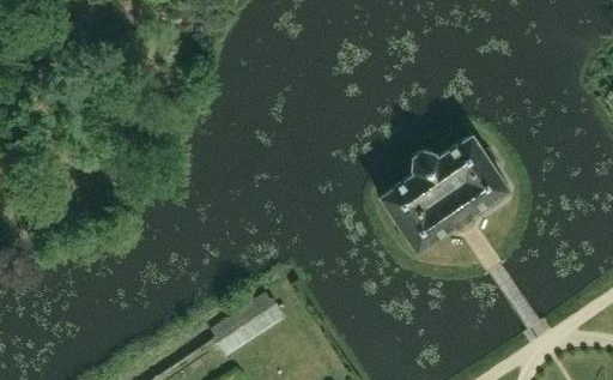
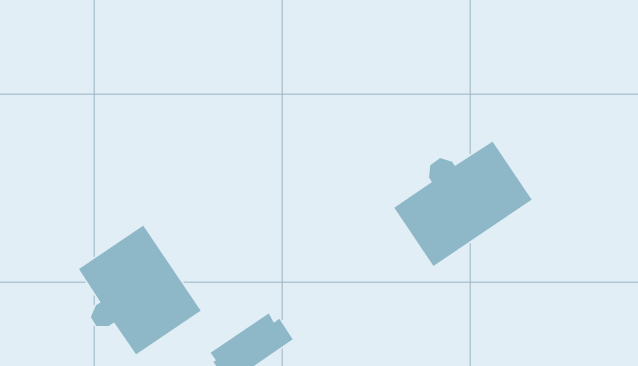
building: none -> [78,225,202,355]

